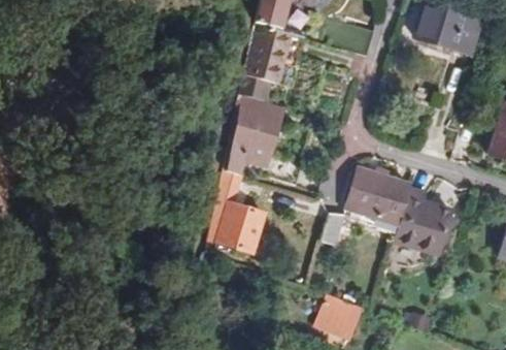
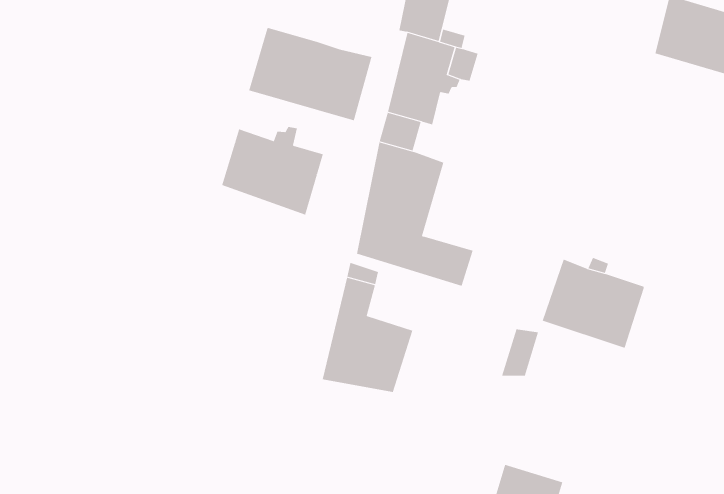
building: none -> [248,27,372,121]
building: none -> [221,126,324,216]
building: [393,186,451,254] -> none

